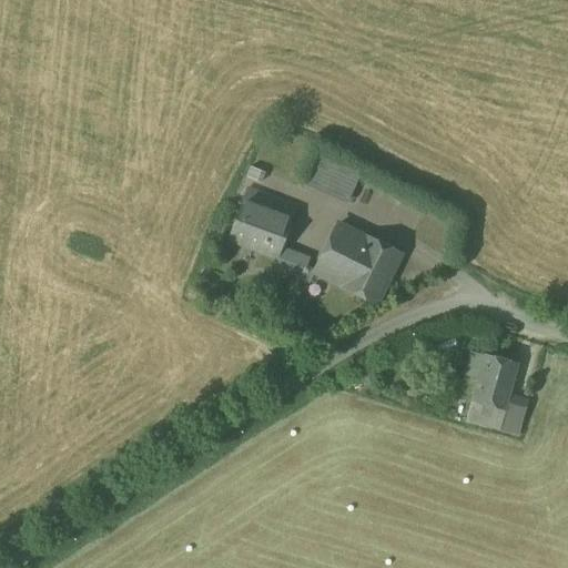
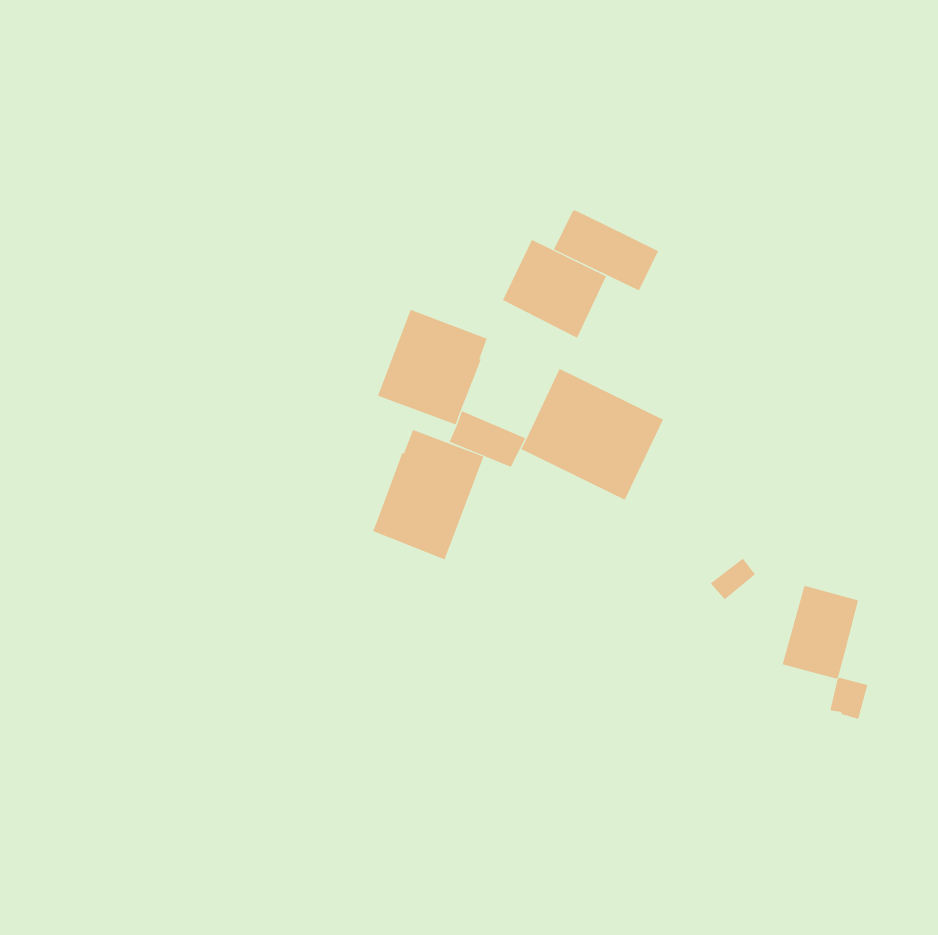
building: none -> [553,210,659,291]
building: none -> [372,429,484,560]
building: [467,400,506,428] -> none

